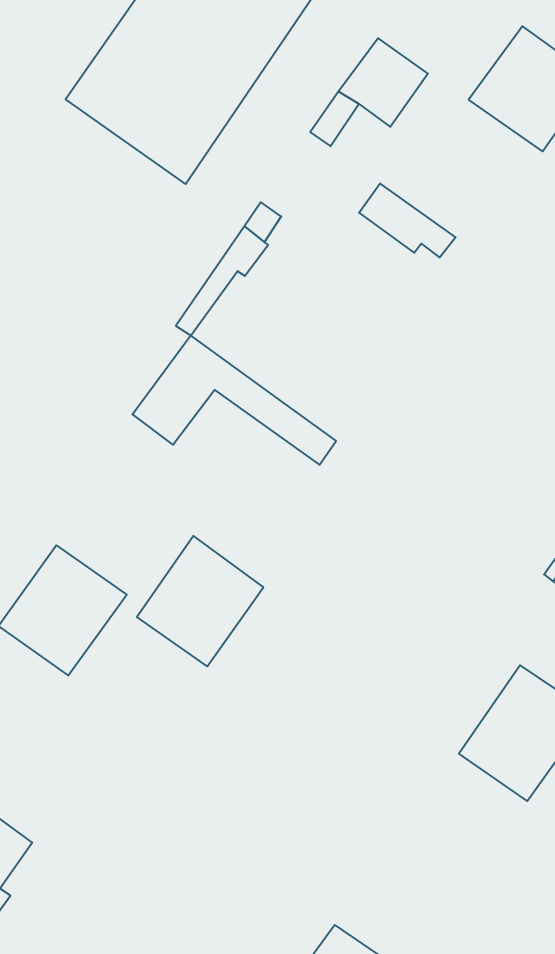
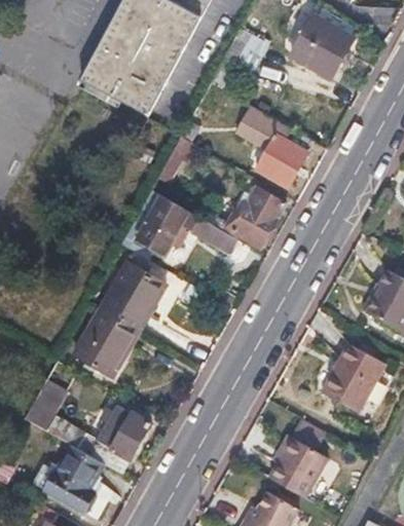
building: none -> [253,128,313,187]
building: none -> [210,188,285,246]
building: [137,536,263,666] -> [102,265,166,332]
building: none -> [105,409,151,475]
building: none -> [270,439,325,495]

